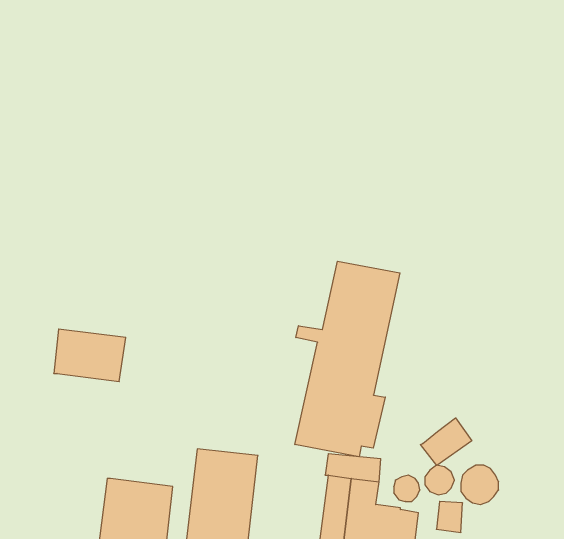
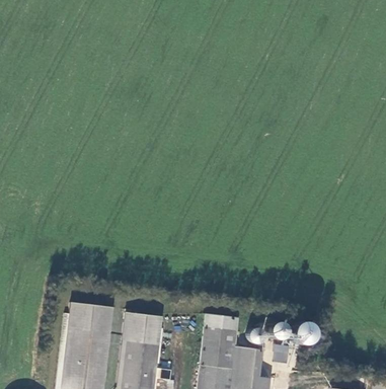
building: [295,261,400,457] -> none
building: [54,329,126,382] -> [69,302,113,334]
building: [420,418,472,465] -> none

